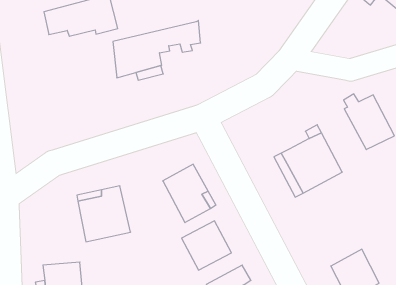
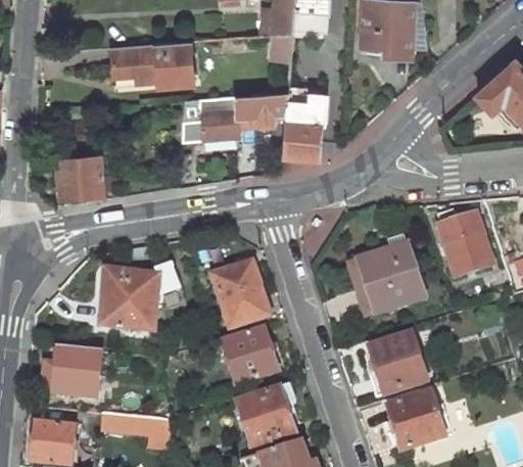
building: none -> [282,91,322,158]
building: none -> [57,154,109,201]
building: none -> [371,332,427,389]

